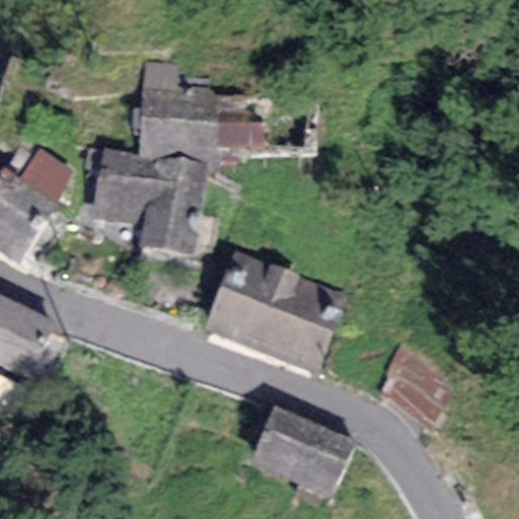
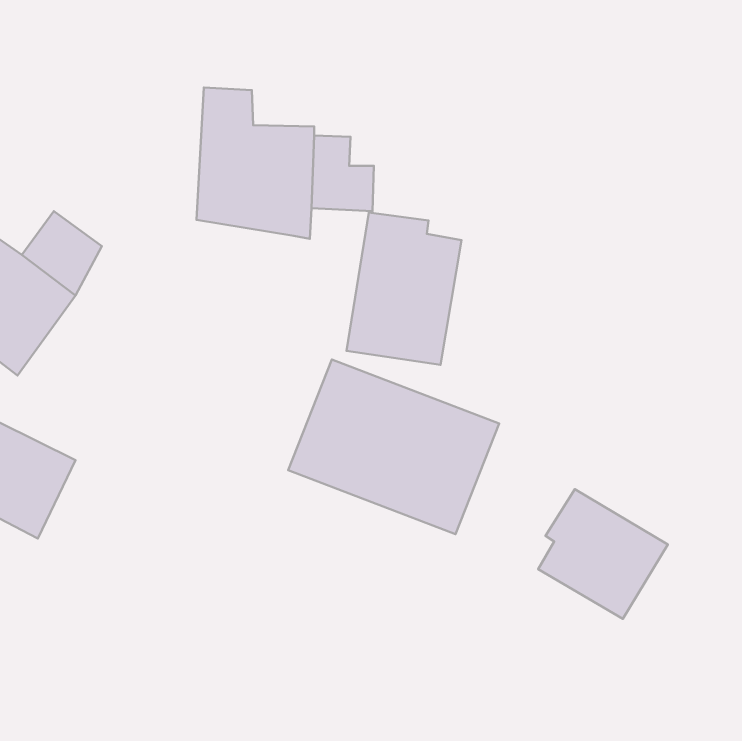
building: [89,147,205,253] -> none
building: none -> [346,212,461,365]
building: [246,404,355,498] -> none

